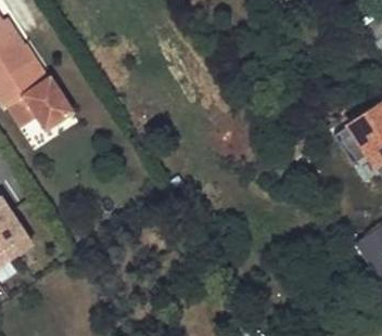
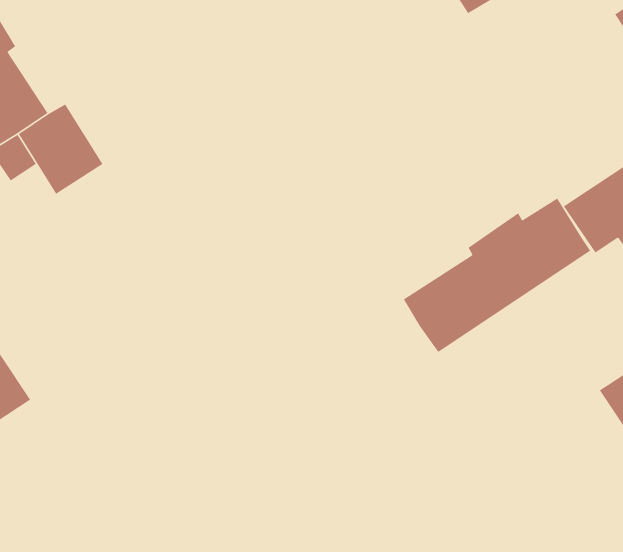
building: none -> [403,198,591,353]

